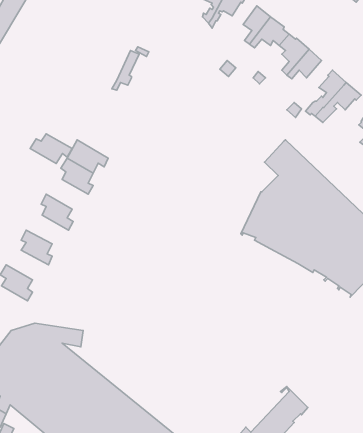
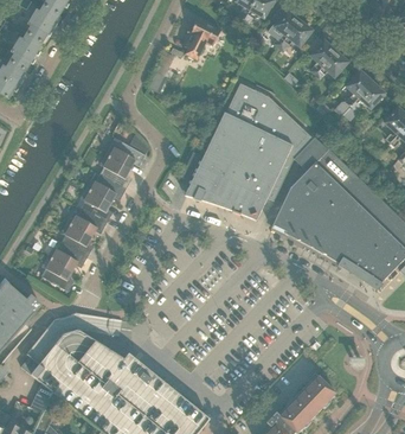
building: none -> [184,18,220,58]
building: none -> [185,82,313,219]
building: [30,134,72,164] -> [85,174,126,203]
building: none -> [66,209,107,236]
building: none -> [47,242,88,270]

